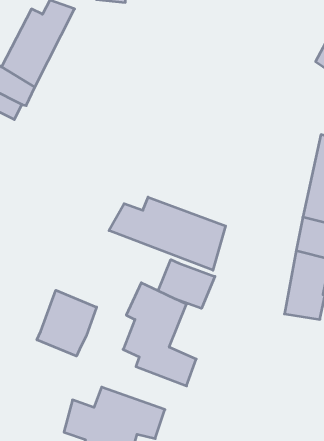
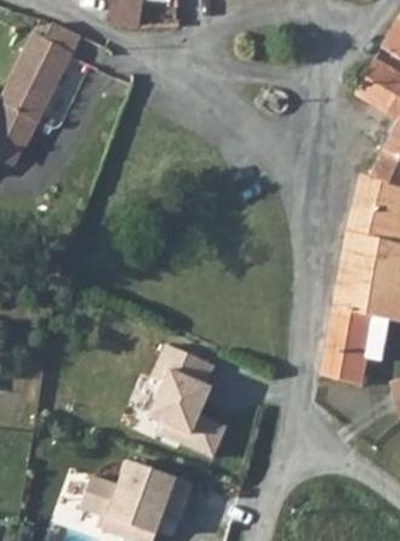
building: [109,197,226,270] -> none
building: [158,260,215,308] -> none
building: [37,290,97,356] -> none

